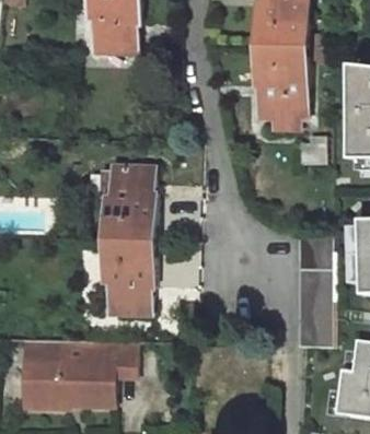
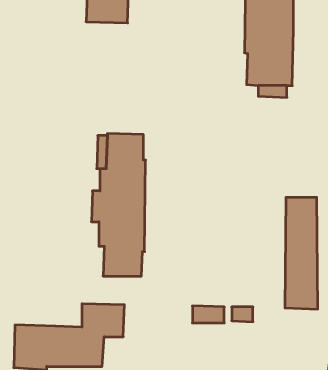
building: [19,340,60,364] -> none

